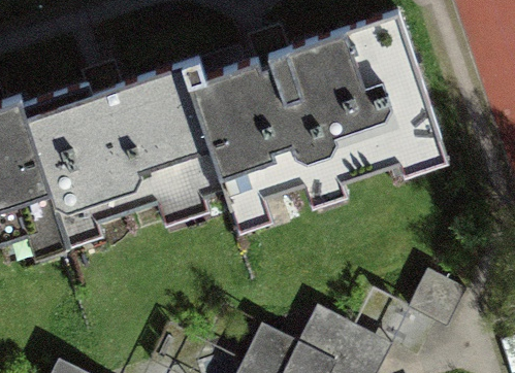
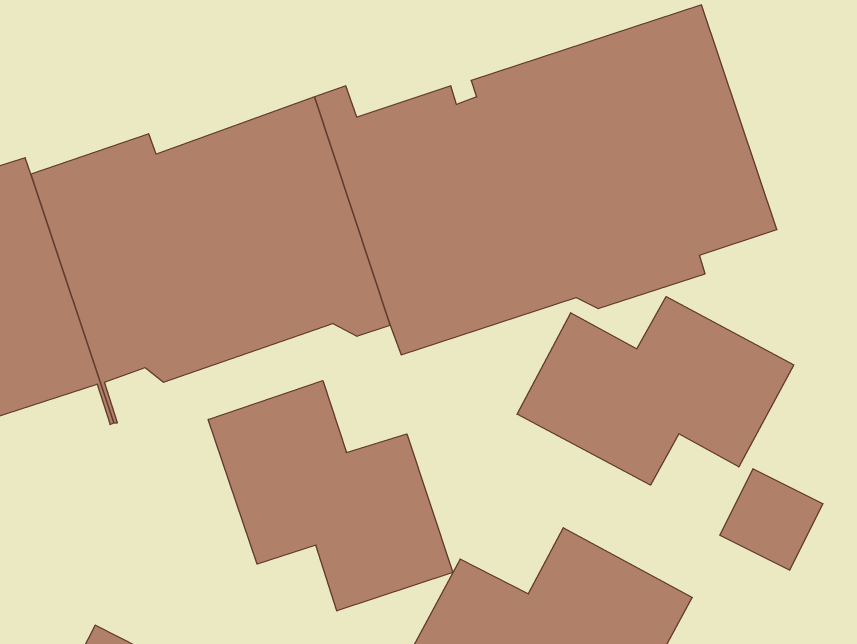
building: none -> [517,297,794,485]
building: none -> [208,381,453,611]

